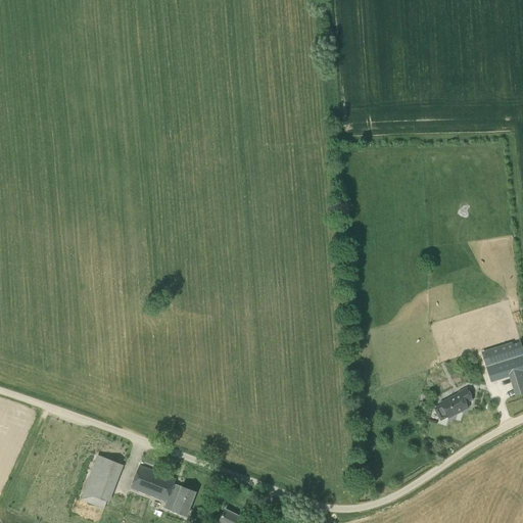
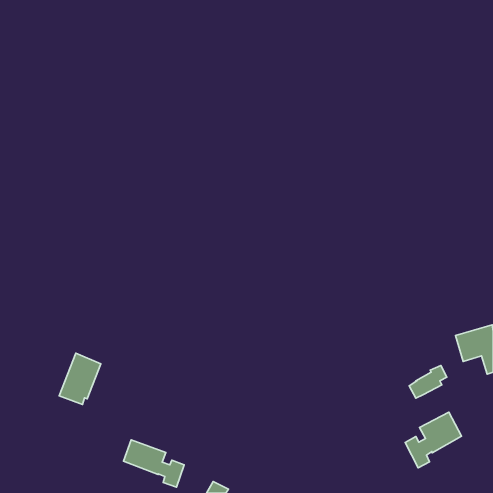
building: none -> [405,412,461,468]
building: [80,454,124,508] -> [59,353,101,405]

